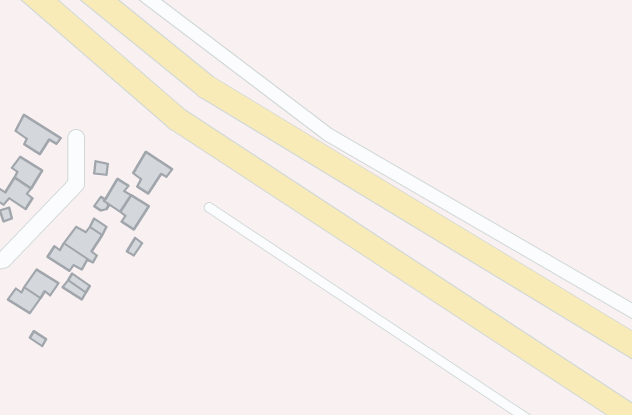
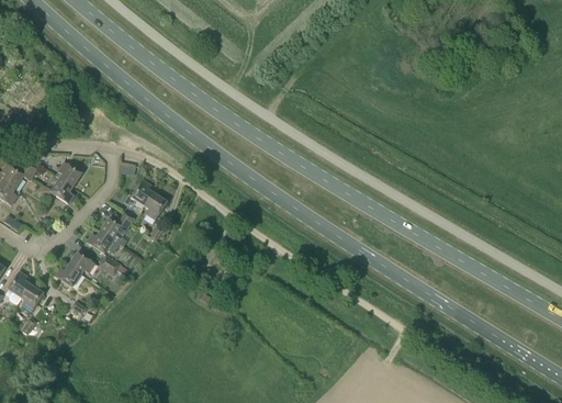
building: [15,115,61,154] -> none
building: [133,152,172,194] -> none

